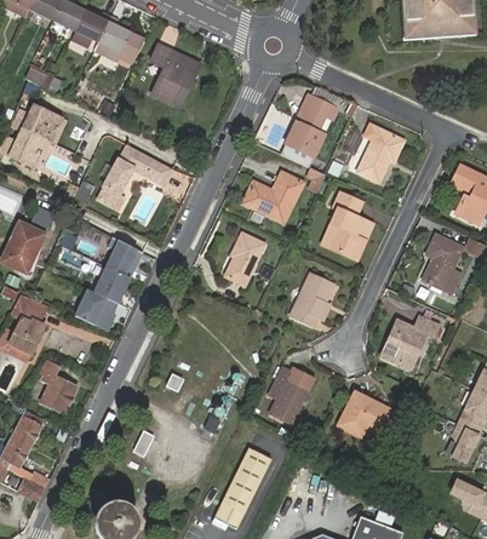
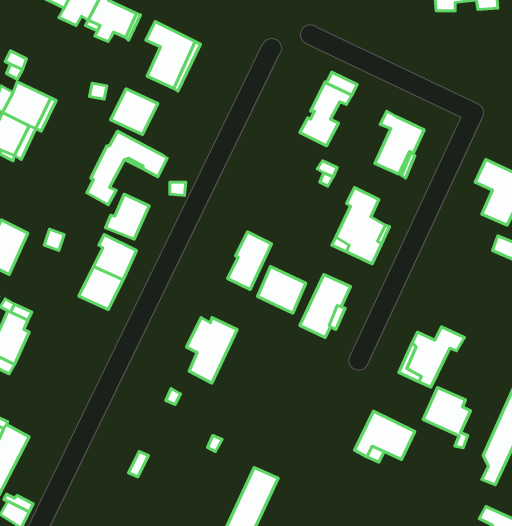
building: none -> [111,89,158,134]
building: [244,171,302,222] -> none
building: none -> [106,194,149,239]
building: [420,237,460,296] -> none
building: none -> [258,267,306,313]
building: [74,288,116,329] -> none
building: [40,359,76,412] -> none
building: [269,371,315,430] -> [186,318,237,383]
building: none -> [423,387,470,448]

